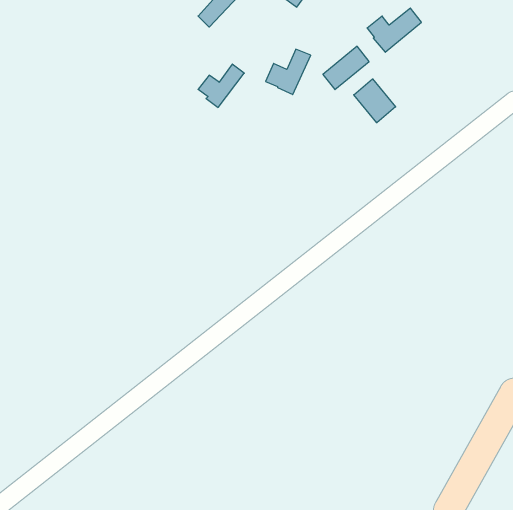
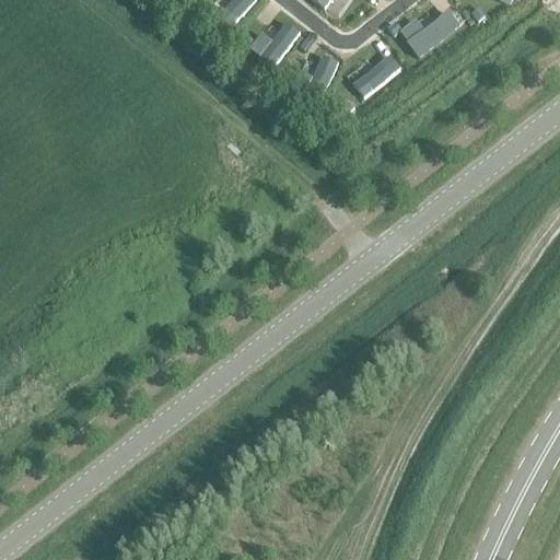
building: [198,64,244,107] -> [249,21,300,68]
building: [354,79,396,123] -> none

